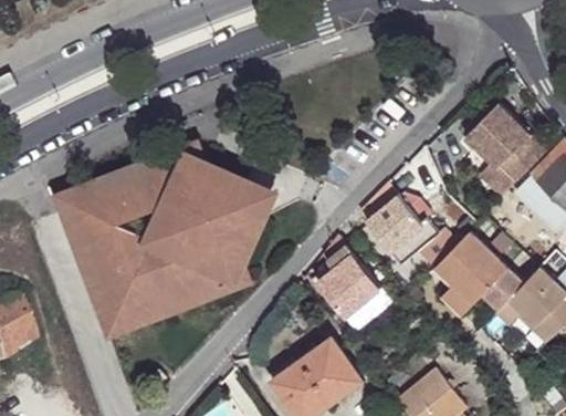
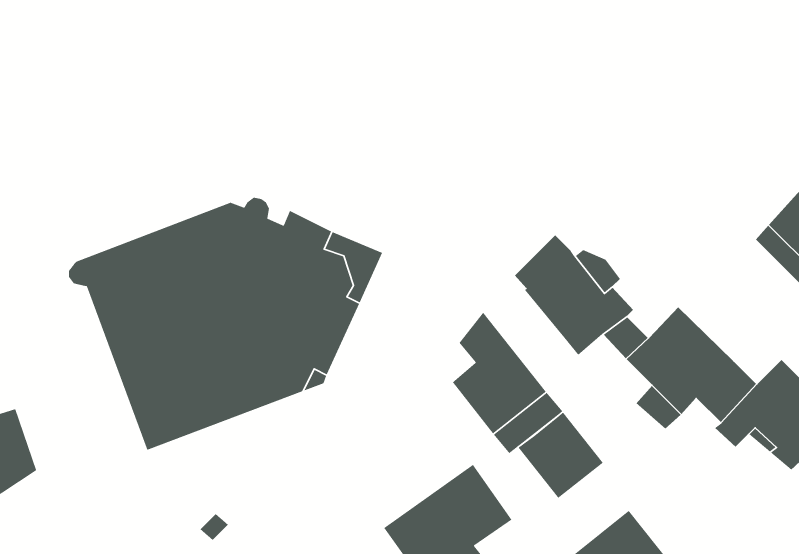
building: [464,104,546,185] -> none
building: none -> [518,412,604,499]

